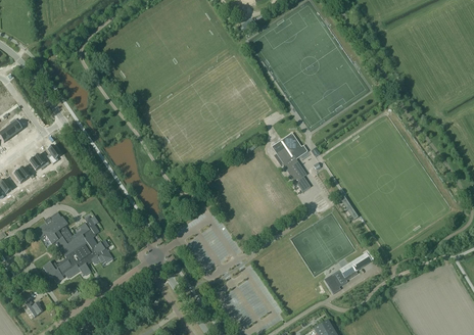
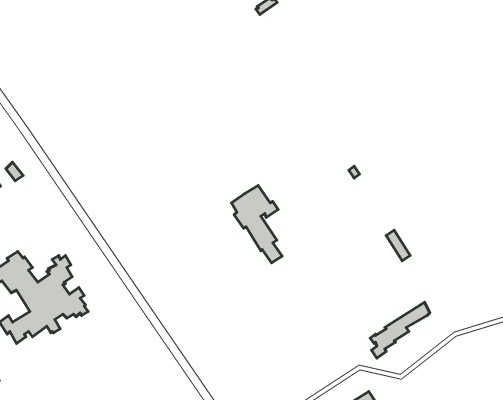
building: [272,133,311,192] -> [232,185,282,263]

